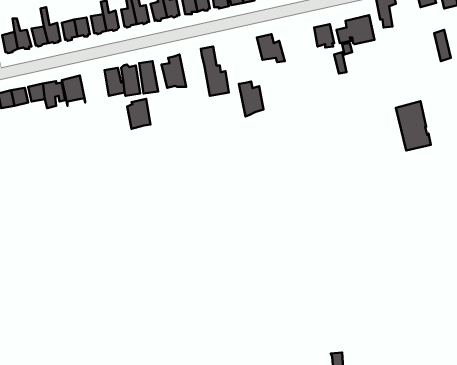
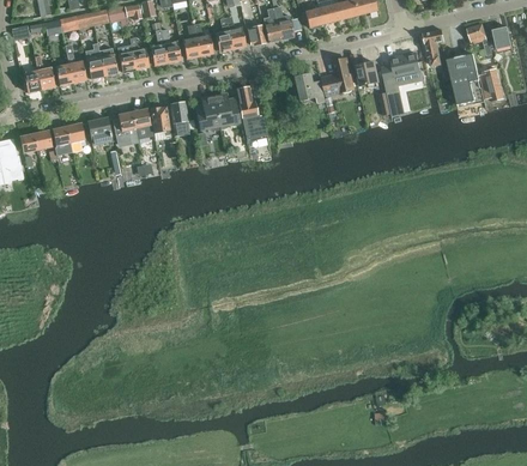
building: none -> [322,58,355,93]
building: [239,82,264,116] -> [213,91,240,128]
building: [127,99,151,129] -> [113,110,138,143]
building: [396,101,431,150] -> [447,52,484,104]

